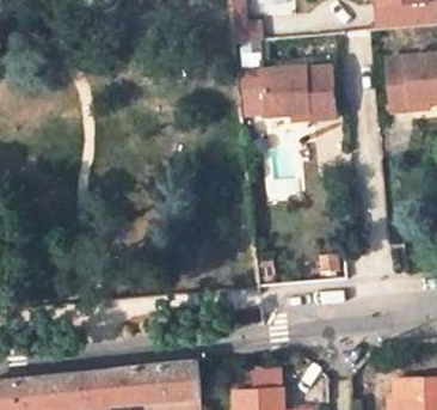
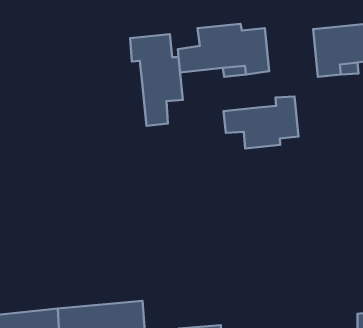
building: none -> [130,34,183,126]
building: none -> [224,96,298,148]

